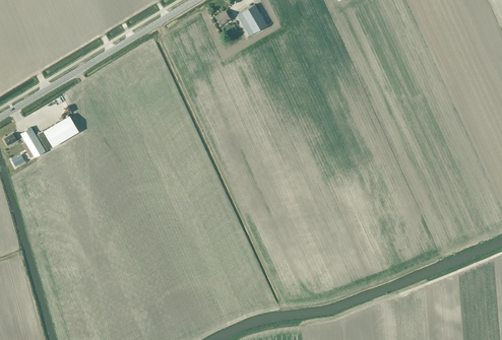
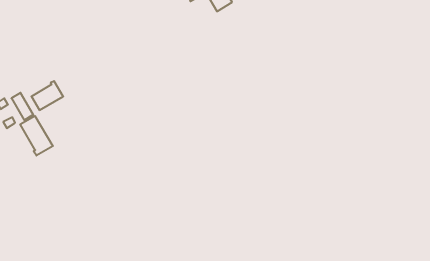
building: none -> [20,116,53,156]

